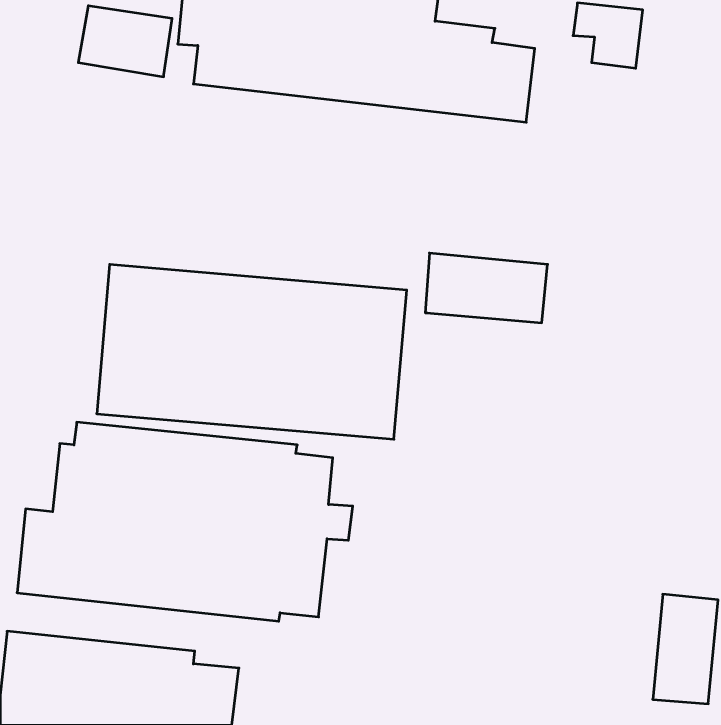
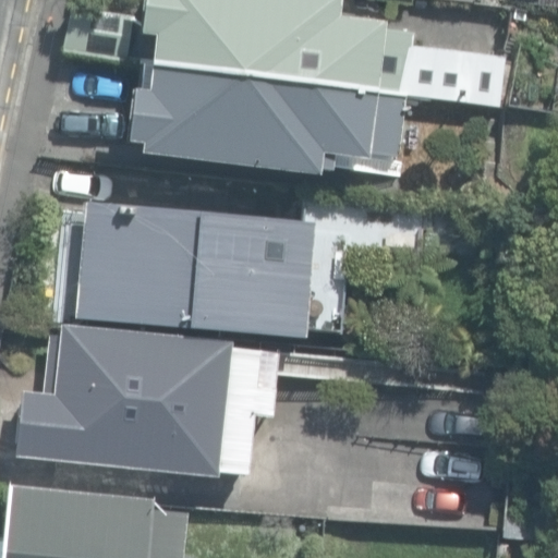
building: none -> [126,64,408,174]

